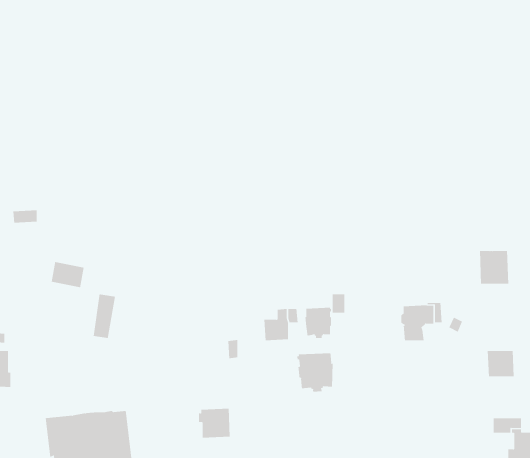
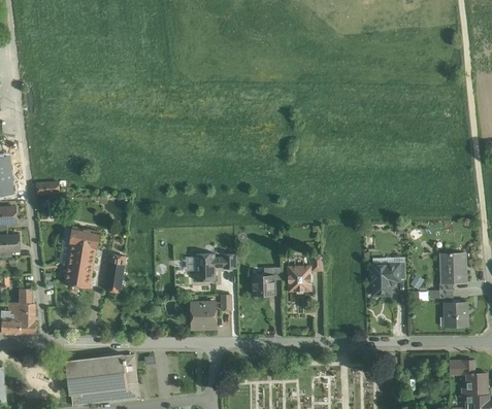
building: [479,251,509,284] -> [439,253,465,282]
building: none -> [63,244,95,287]
building: none -> [195,252,235,281]
building: [297,352,333,393] -> none
building: [198,408,231,438] -> [188,302,216,328]

